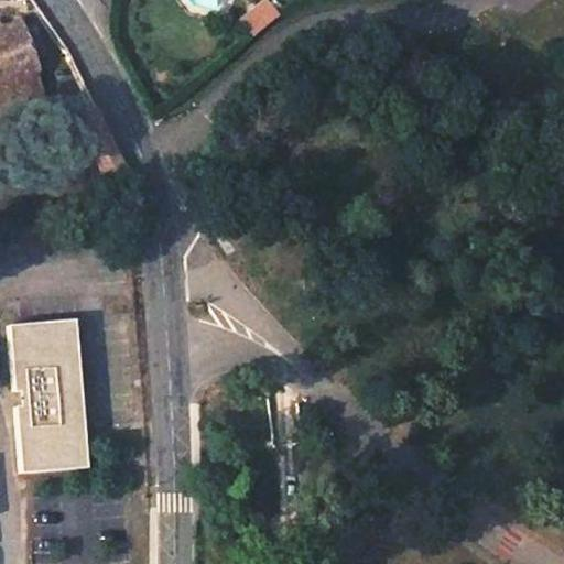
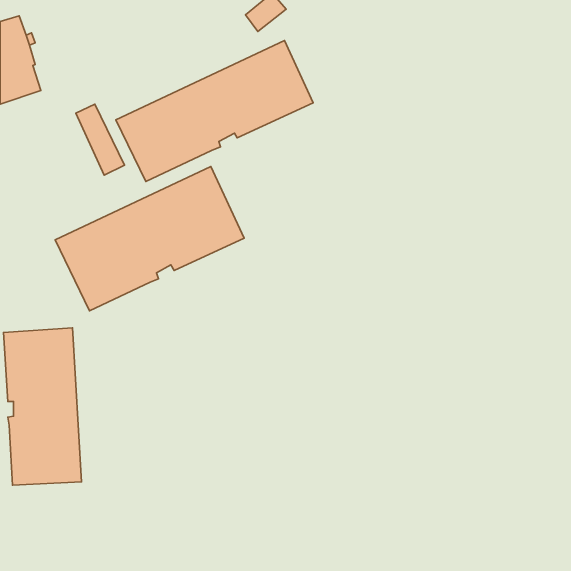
building: none -> [116,41,313,181]
building: none -> [55,166,244,311]

